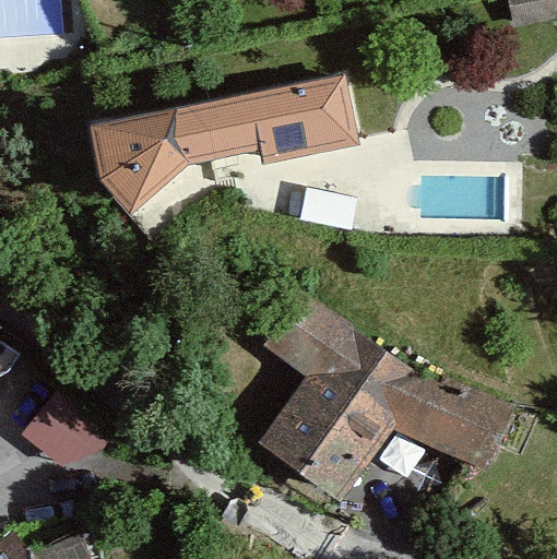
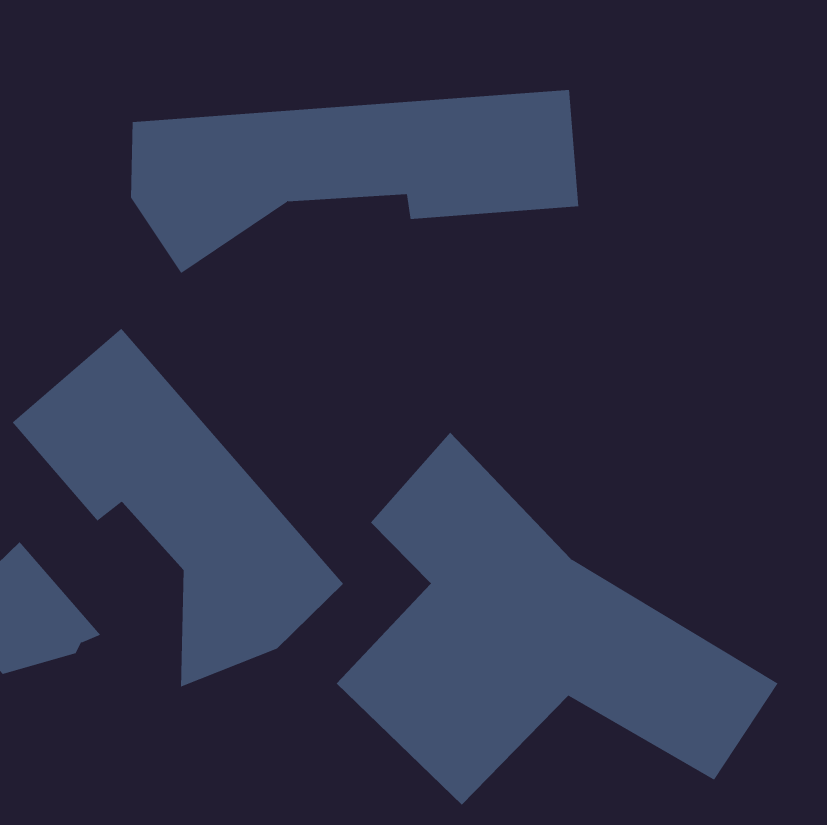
building: none -> [12,328,344,688]

